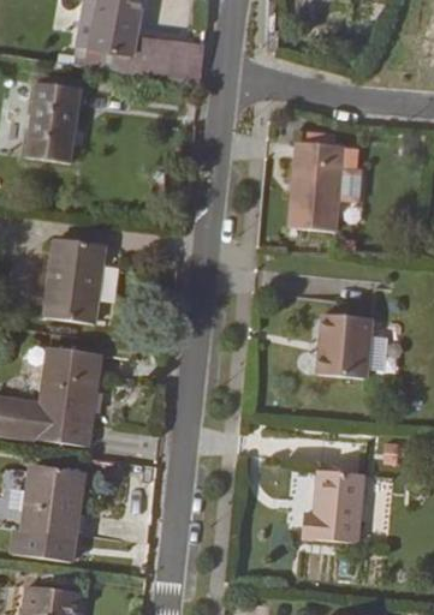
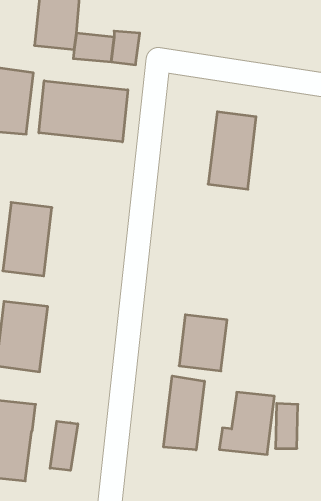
building: none -> [39,81,128,142]
building: [313,305,369,371] -> [179,315,227,371]
building: none -> [164,376,204,450]
building: none -> [50,421,78,470]

